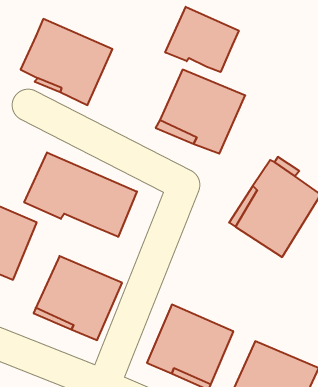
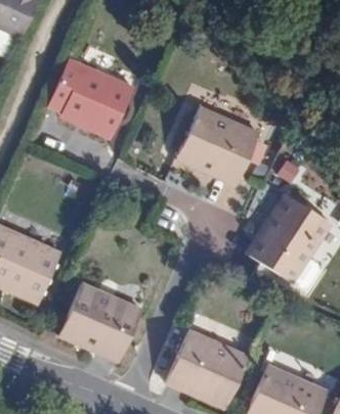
building: [165,7,239,72] -> none
building: [24,152,137,237] -> none

